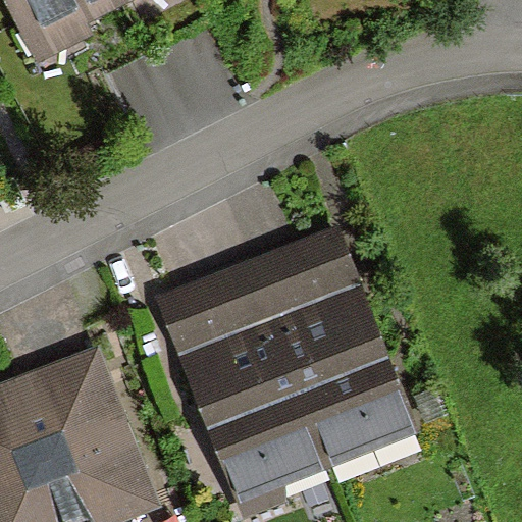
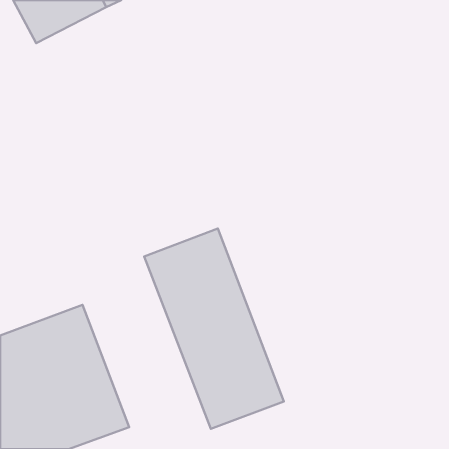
building: [253,236,409,466] -> none

